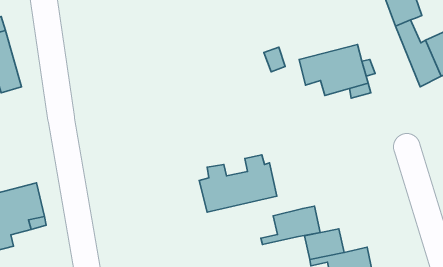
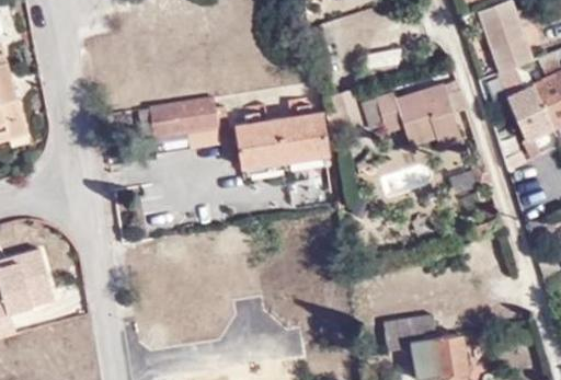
building: none -> [147,105,220,146]
building: [199,155,277,212] -> [238,99,334,170]
building: [261,206,320,244] -> none

